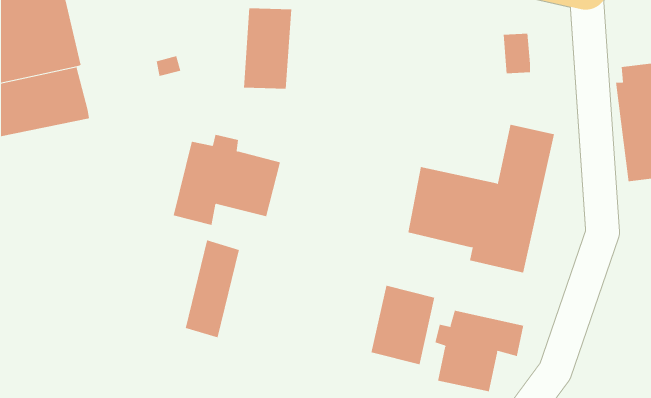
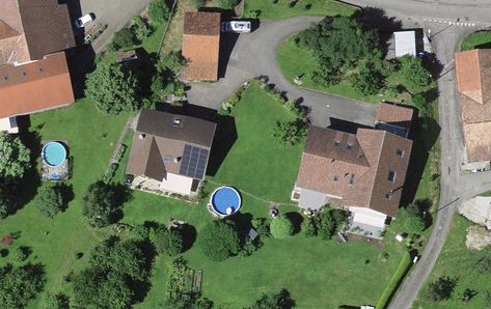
building: [185,239,240,338] -> none
building: [371,285,435,365] -> none
building: [435,310,524,392] -> none

